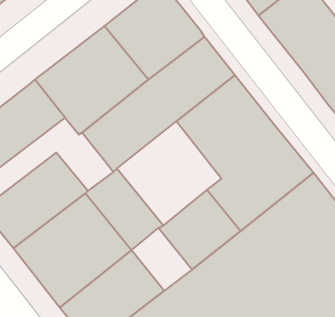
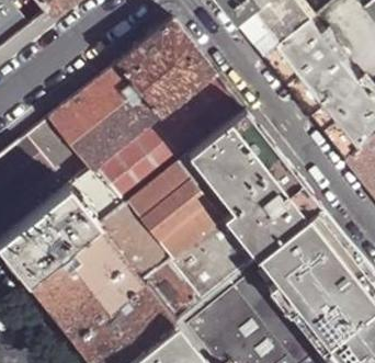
building: none -> [127,156,229,258]
building: none -> [68,167,124,224]
building: none -> [141,260,201,321]

